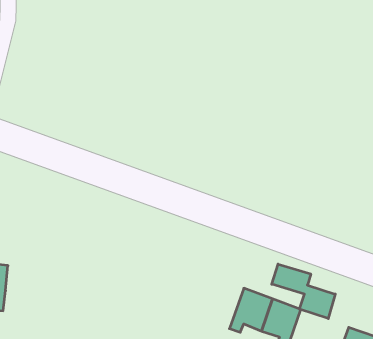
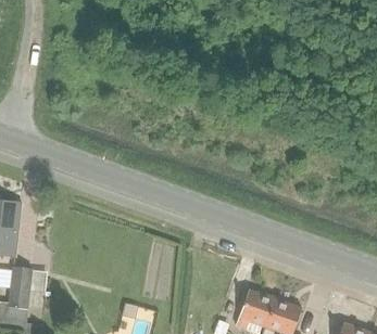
building: [272,264,335,319] -> none

